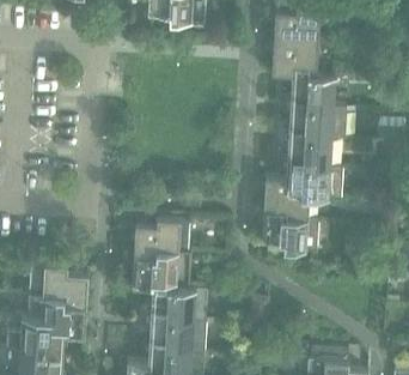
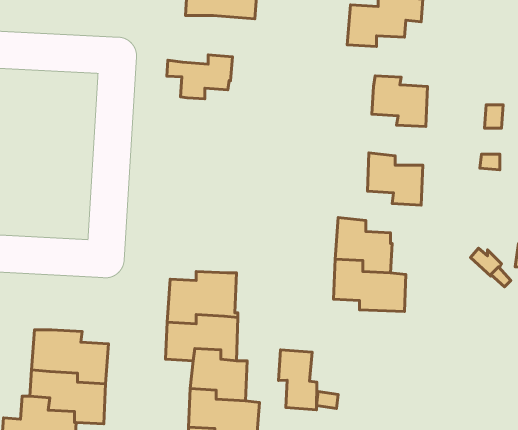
building: [273,36,318,75] -> none
building: none -> [167,55,233,99]
building: [291,97,346,138] -> none
building: [288,157,342,199] -> none
building: none -> [279,350,317,410]

